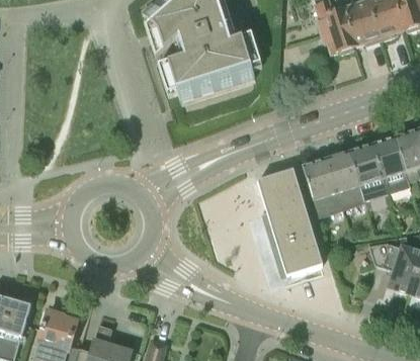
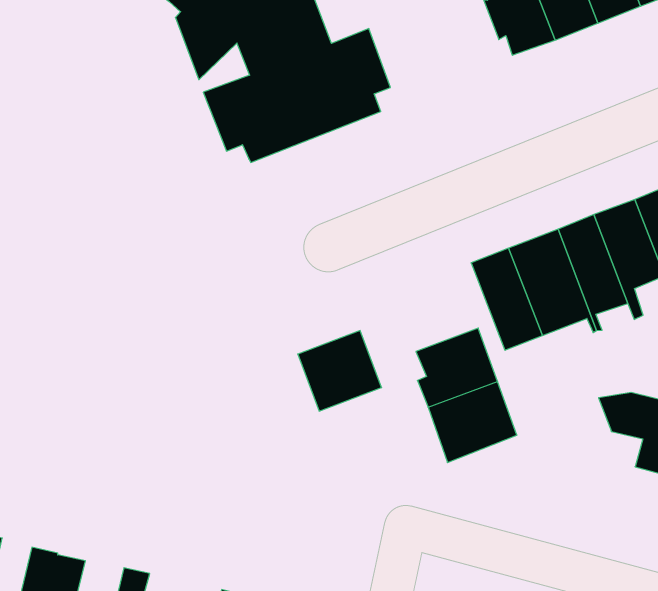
building: [257,170,303,213] -> [298,331,382,411]

